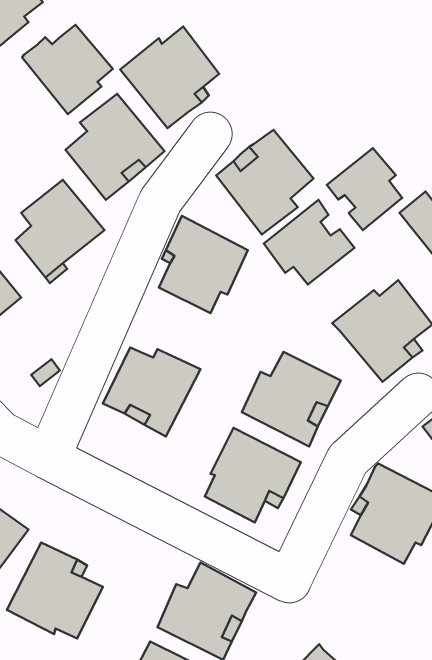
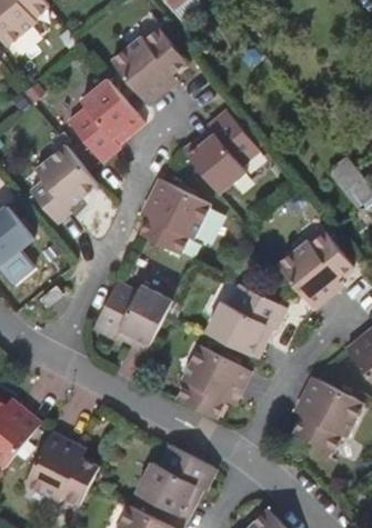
building: [22,25,113,114] -> none
building: [327,148,402,230] -> none
building: [264,200,355,284] -> none

